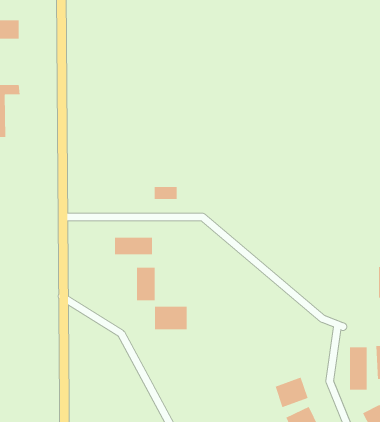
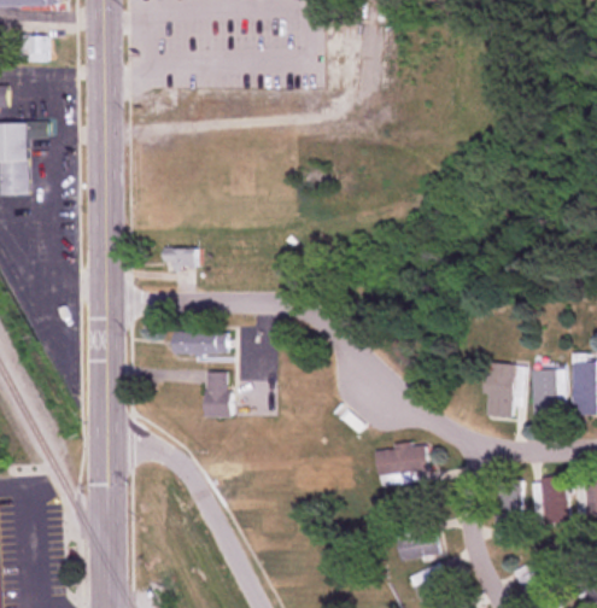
building: [154,186,178,200] -> [162,249,194,267]
building: none -> [485,363,523,417]
building: [154,306,187,330] -> none
building: none -> [375,443,429,486]

